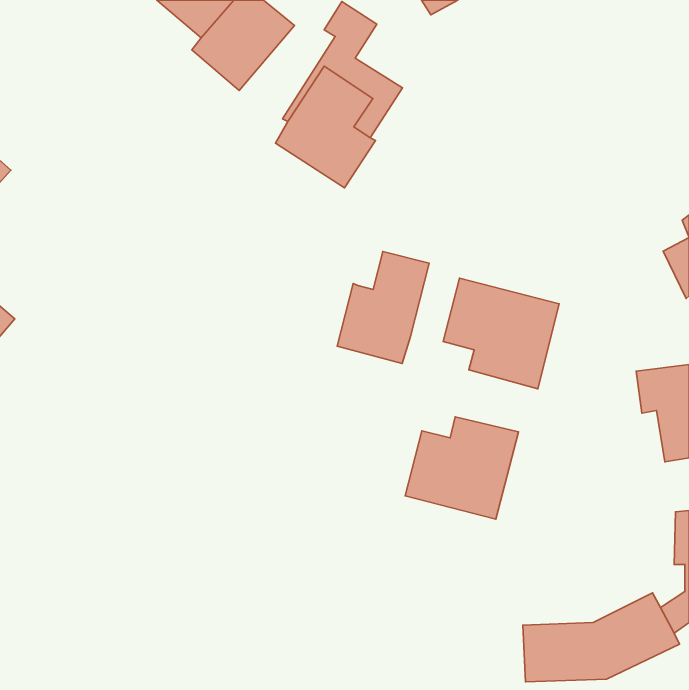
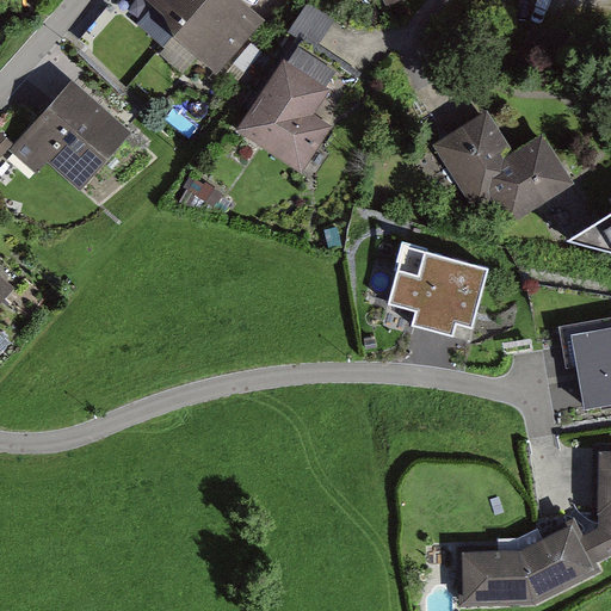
building: none -> [18,87,128,190]
building: none -> [427,116,573,217]
building: [337,252,429,364] -> none
building: [405,417,518,519] -> none

